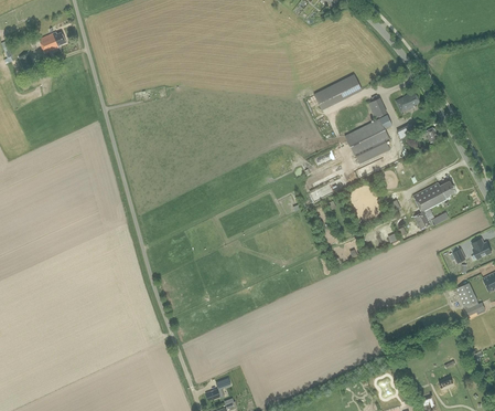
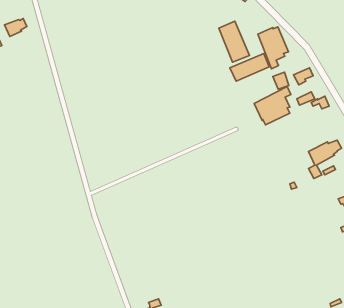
building: none -> [219,21,249,62]
building: none -> [258,27,288,69]

